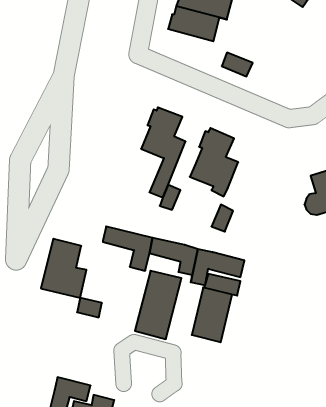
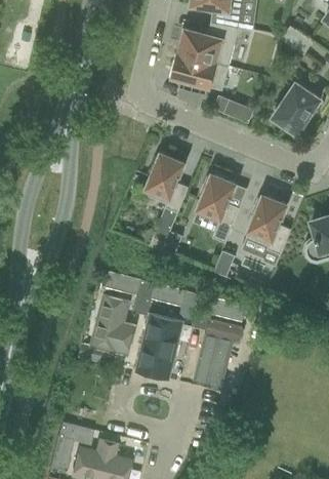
building: none -> [273,83,321,134]
building: none -> [246,196,291,254]
building: [41,239,86,298] -> [90,293,135,352]

